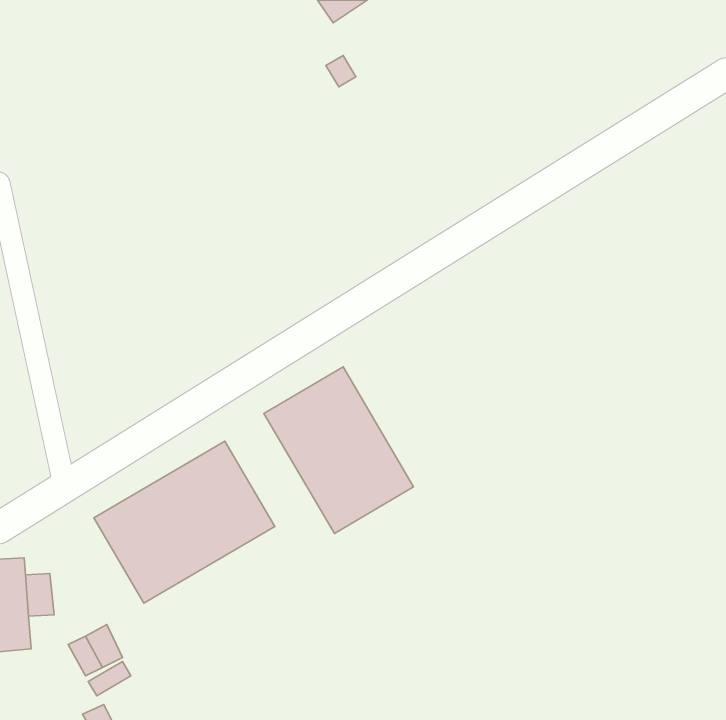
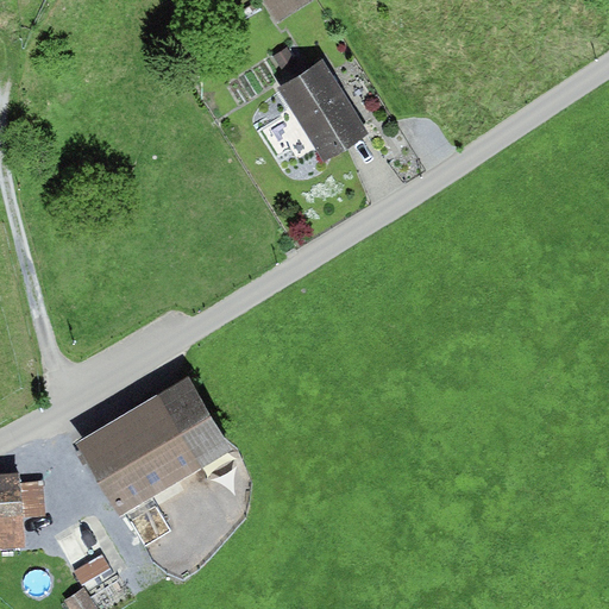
building: none -> [278,61,365,159]
building: [264,367,414,534] -> none

